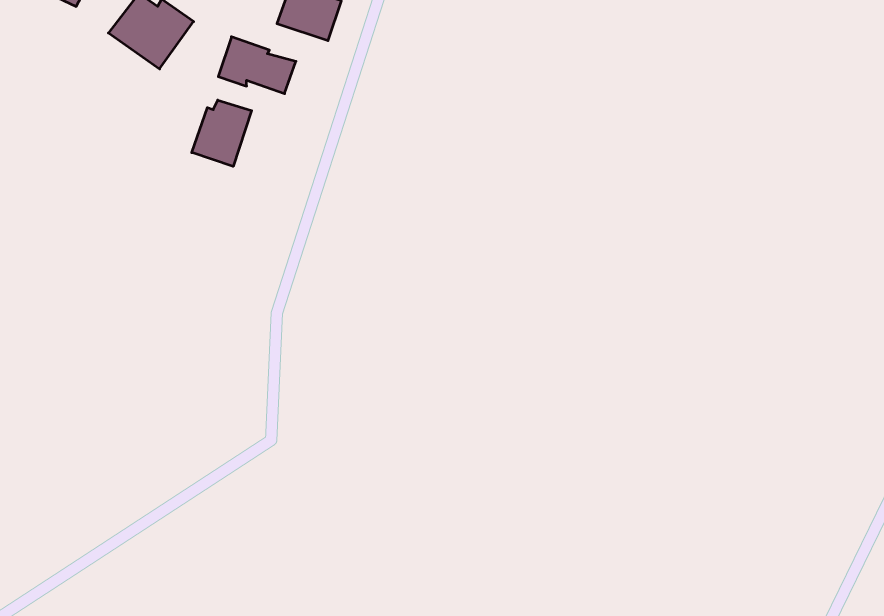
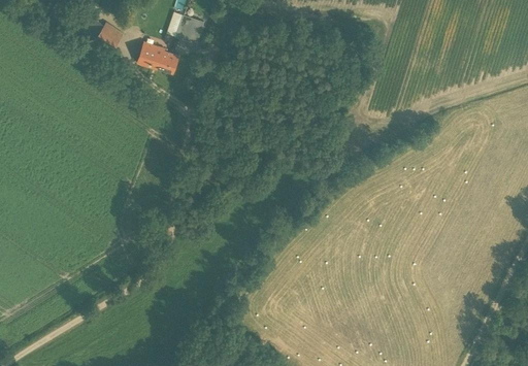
building: [192,100,252,166] -> none

